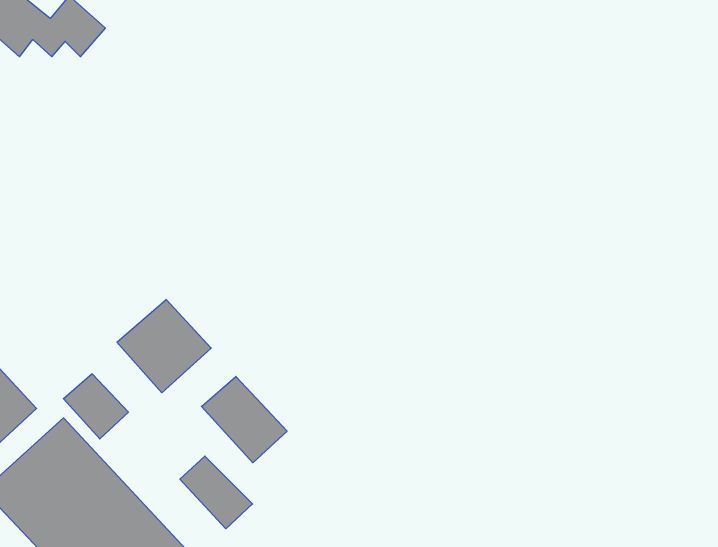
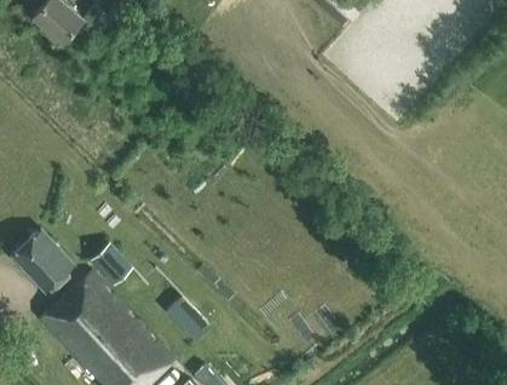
building: [117,299,211,393] -> none
building: [201,376,287,463] -> none

